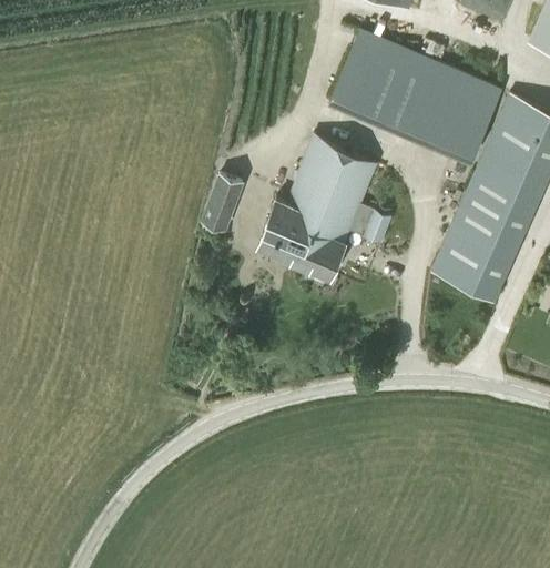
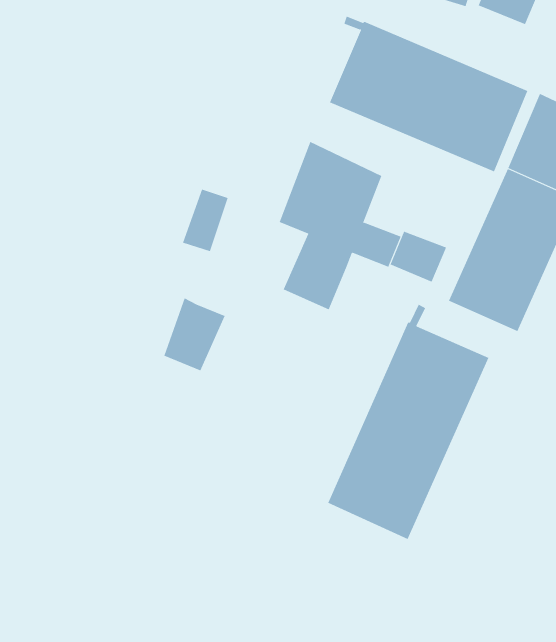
building: [258,200,312,263] -> [163,298,225,371]
building: none -> [390,231,447,282]
building: none -> [327,304,489,540]

